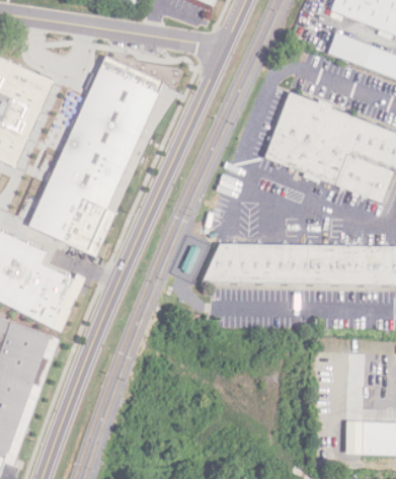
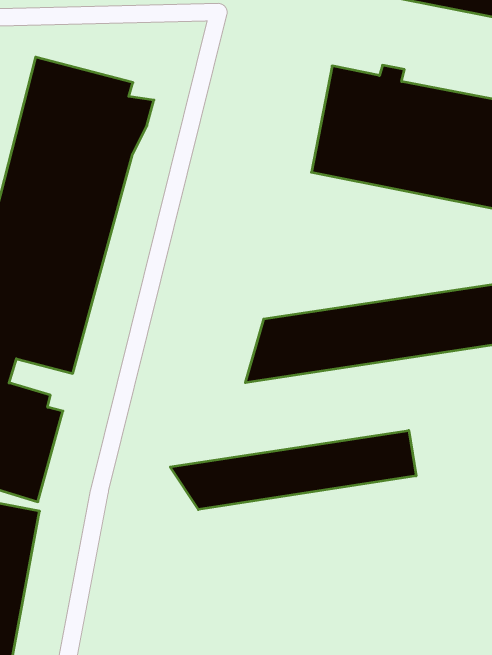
building: none -> [170,430,416,510]

